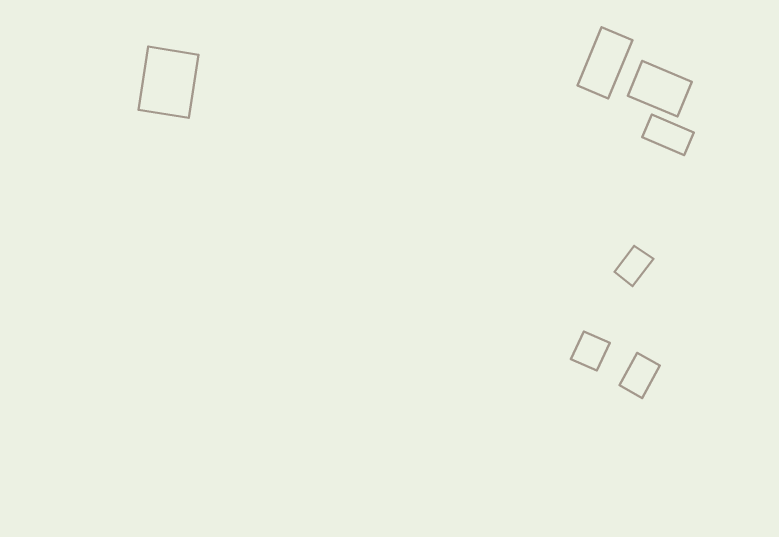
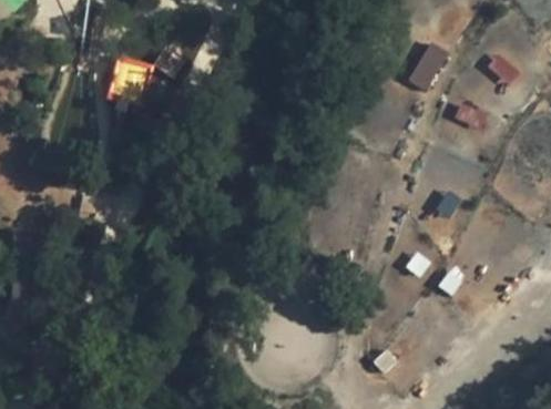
building: [628,61,692,117] -> none

